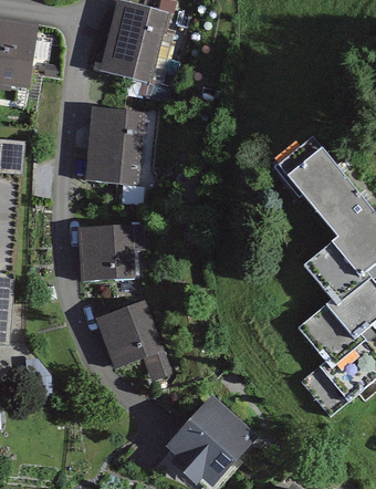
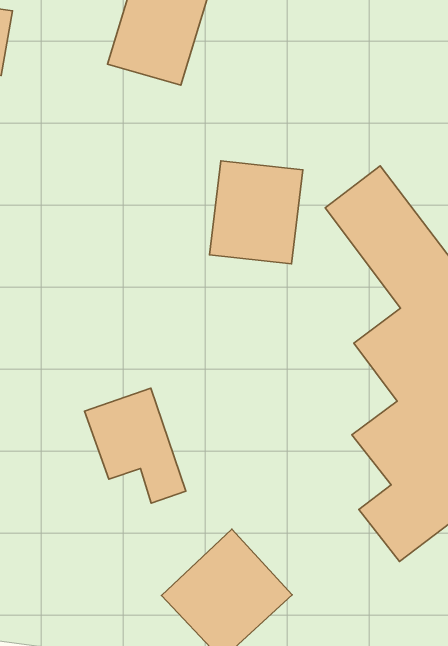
building: [91,112,154,183] -> [210,161,303,264]
building: [84,229,142,275] -> none

